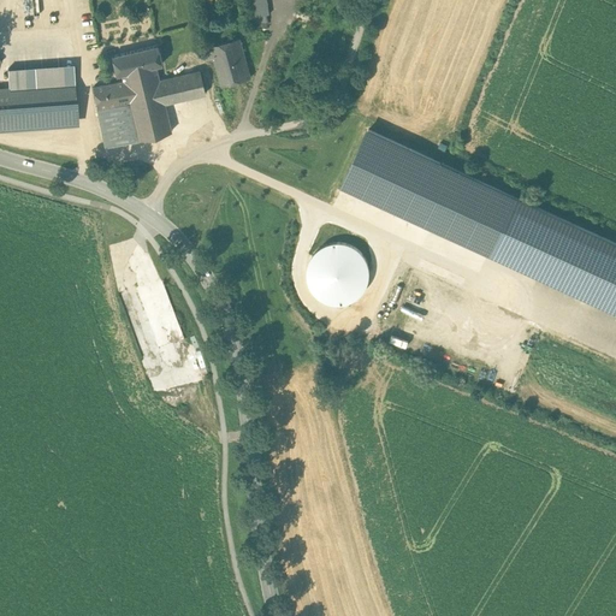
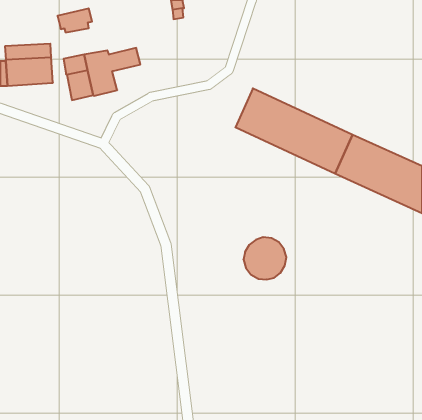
building: [205,41,250,89] -> none
building: [111,48,161,83] -> [57,8,92,32]
building: [307,245,369,307] -> [243,237,286,279]

